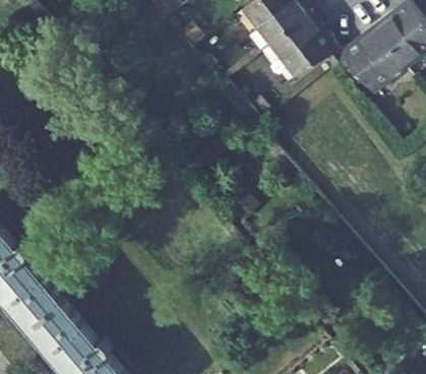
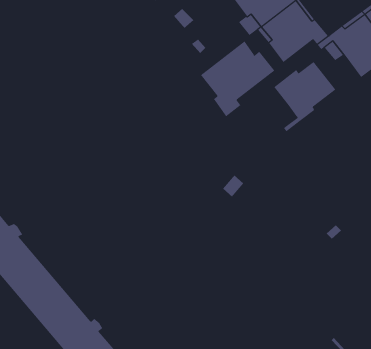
building: none -> [200,41,275,117]
building: none -> [273,61,336,132]

